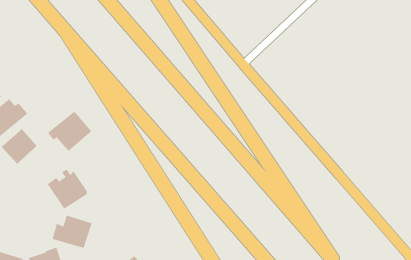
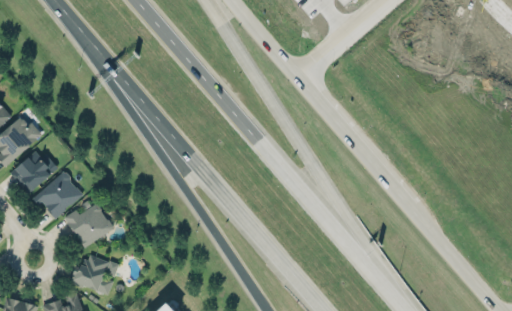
building: [47,112,92,152] -> [32,172,85,219]

